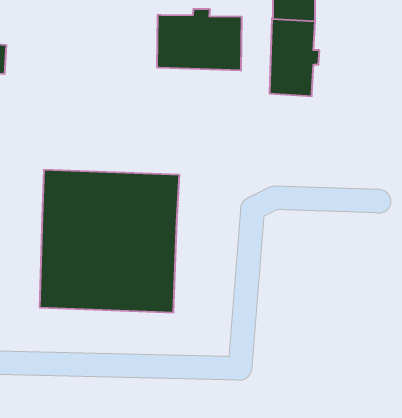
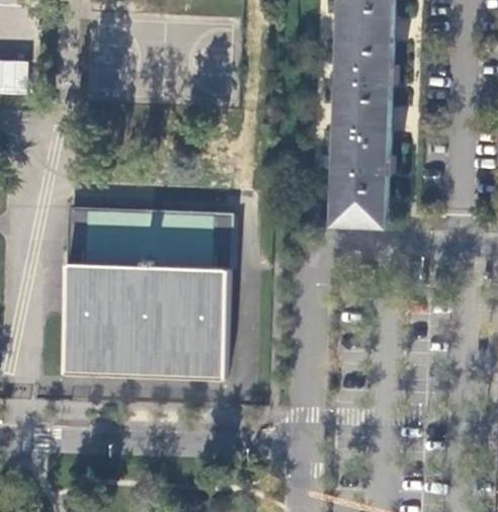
building: [157,9,242,71] -> none
building: none -> [333,116,392,224]

